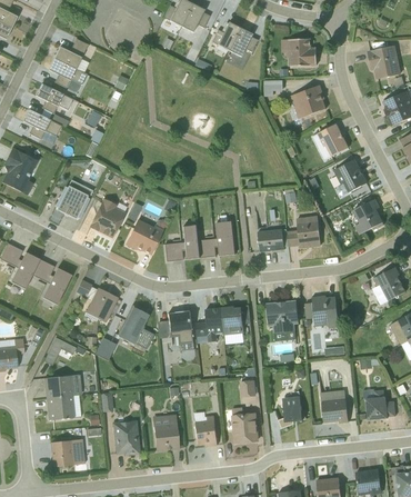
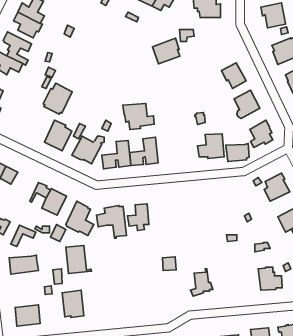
building: [291,85,327,118] -> [153,38,180,64]
building: none -> [123,103,154,130]
building: [53,179,91,219] -> [43,83,72,114]
building: [258,228,288,251] -> [226,144,249,162]
building: [41,267,70,304] -> none
building: [304,295,340,328] -> none
building: [267,299,299,332] -> none
building: [221,305,251,334] -> none
building: [321,389,349,423] -> none
building: [44,394,80,419] -> none
building: [231,407,259,443] -> none
building: [151,414,184,450] -> [66,245,92,274]
building: [192,415,218,446] -> none

